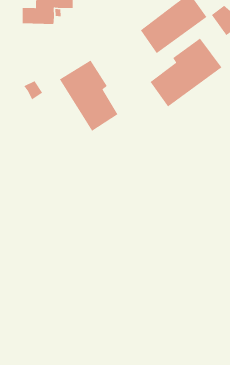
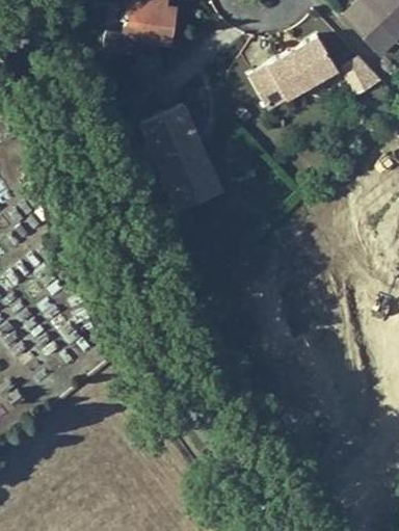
building: [150,38,223,107] -> none
building: none -> [167,139,218,209]

